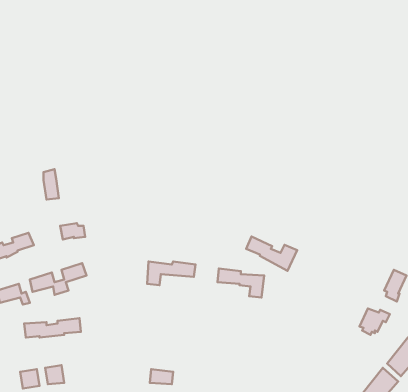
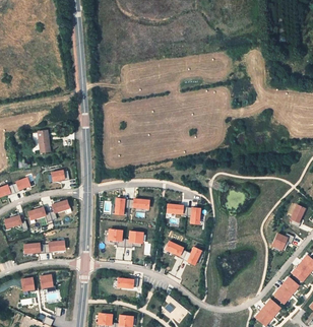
building: [246,236,297,271] -> [165,241,202,266]
building: none -> [108,228,144,248]

